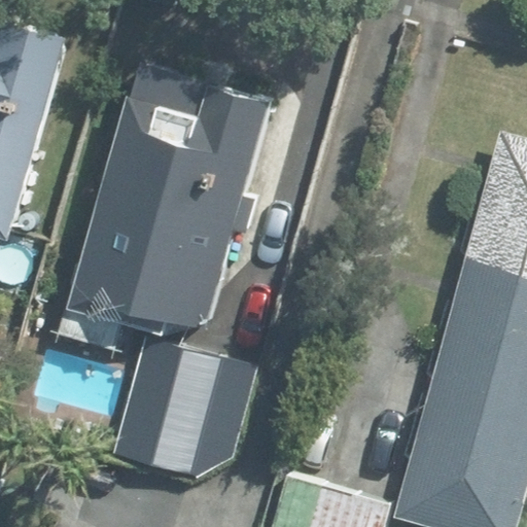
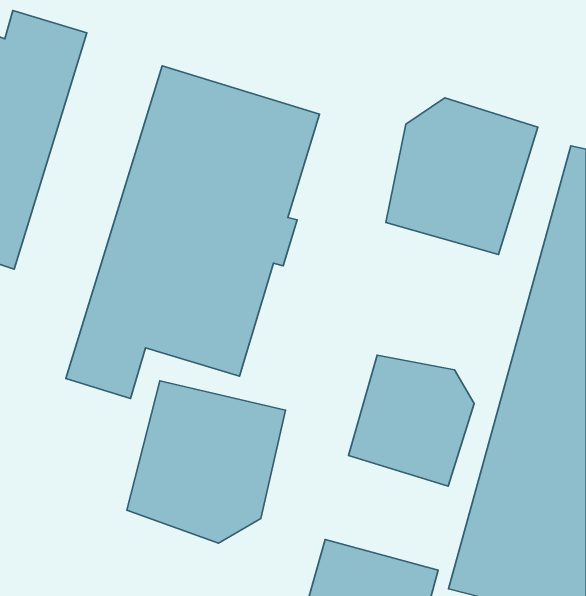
building: none -> [386,98,538,255]
building: none -> [348,355,474,486]

